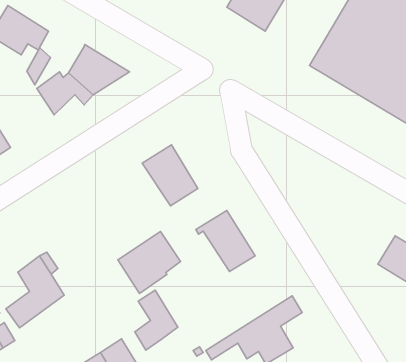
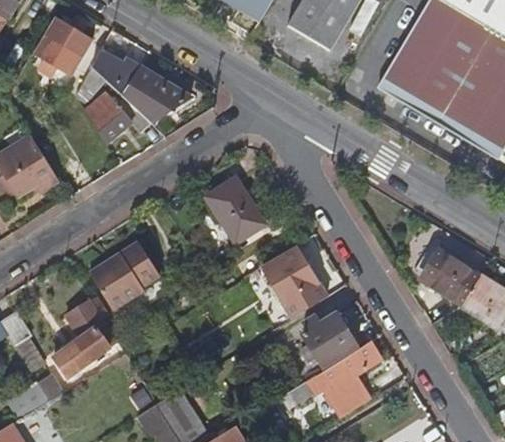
building: none -> [91,51,140,97]
building: none -> [416,247,482,307]
building: [118,232,180,294] -> [88,240,157,308]
building: none -> [302,314,356,367]
building: [135,290,178,350] -> none

